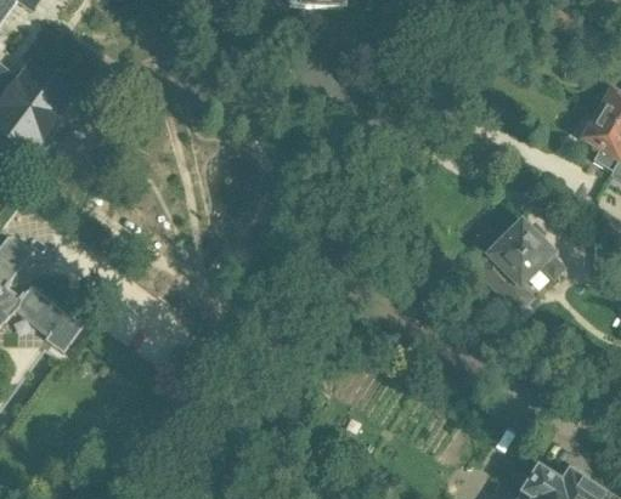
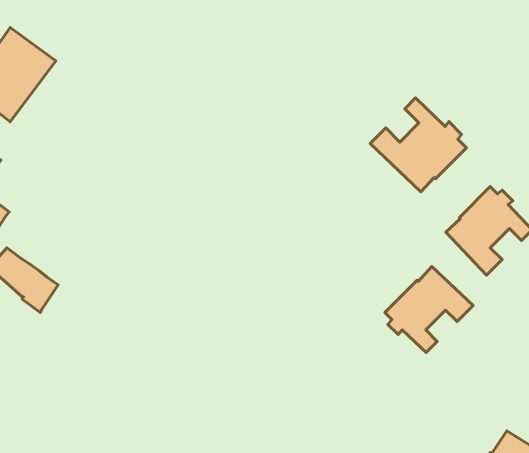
building: none -> [370,98,466,192]
building: none -> [385,267,473,353]

